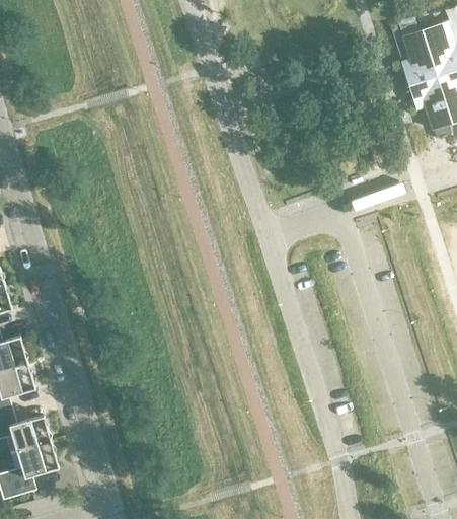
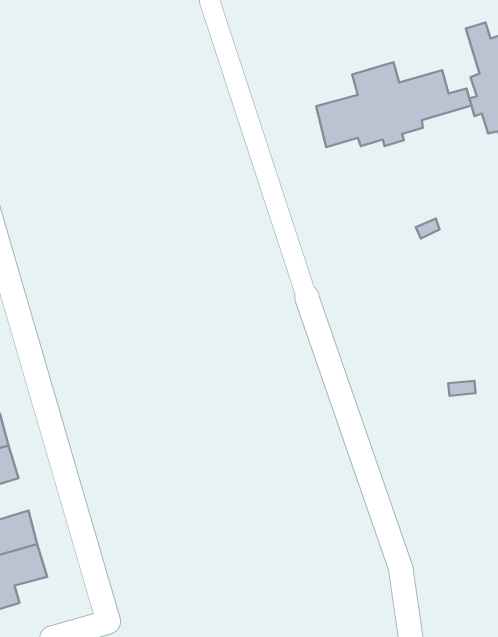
building: none -> [316,62,471,147]

